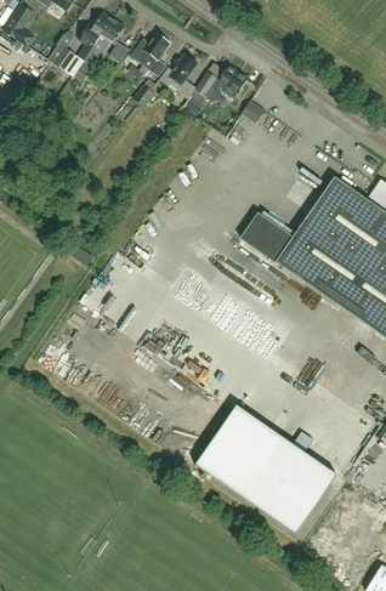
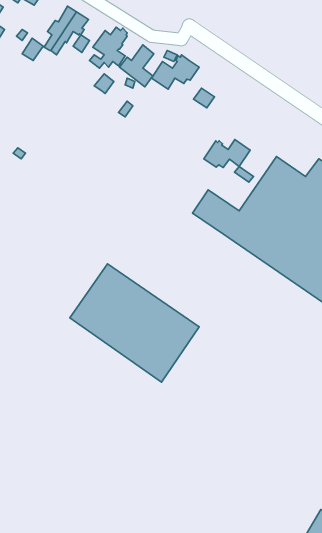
building: none -> [204,140,250,168]
building: [197,403,339,533] -> [70,264,199,382]

